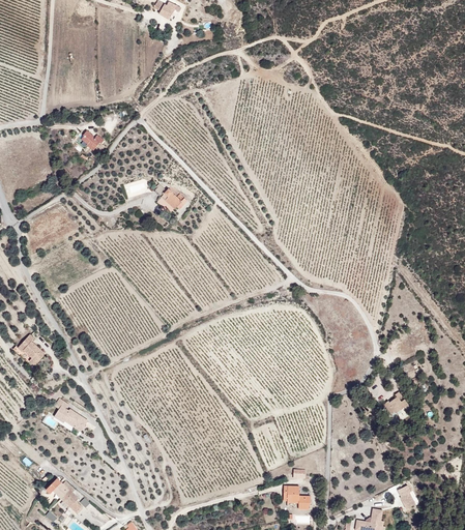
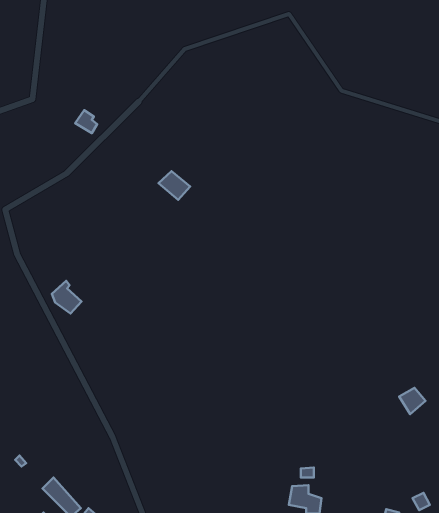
building: [19,335,47,366] -> [52,281,81,314]
building: [54,403,90,434] -> none

